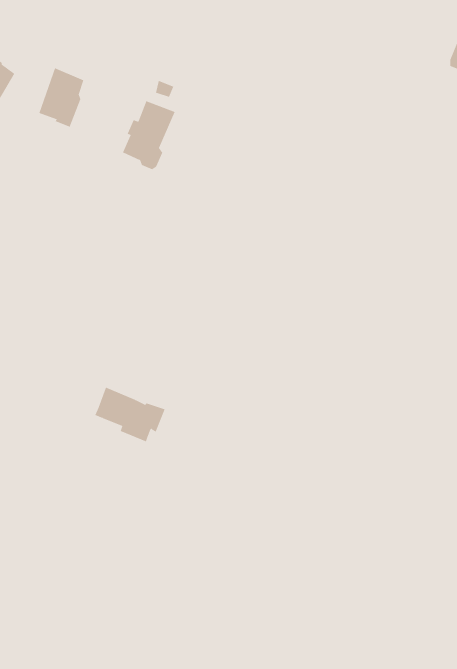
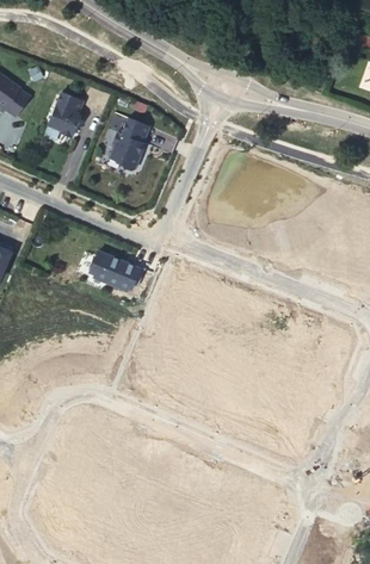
building: [95,387,165,442] -> [91,250,144,292]

